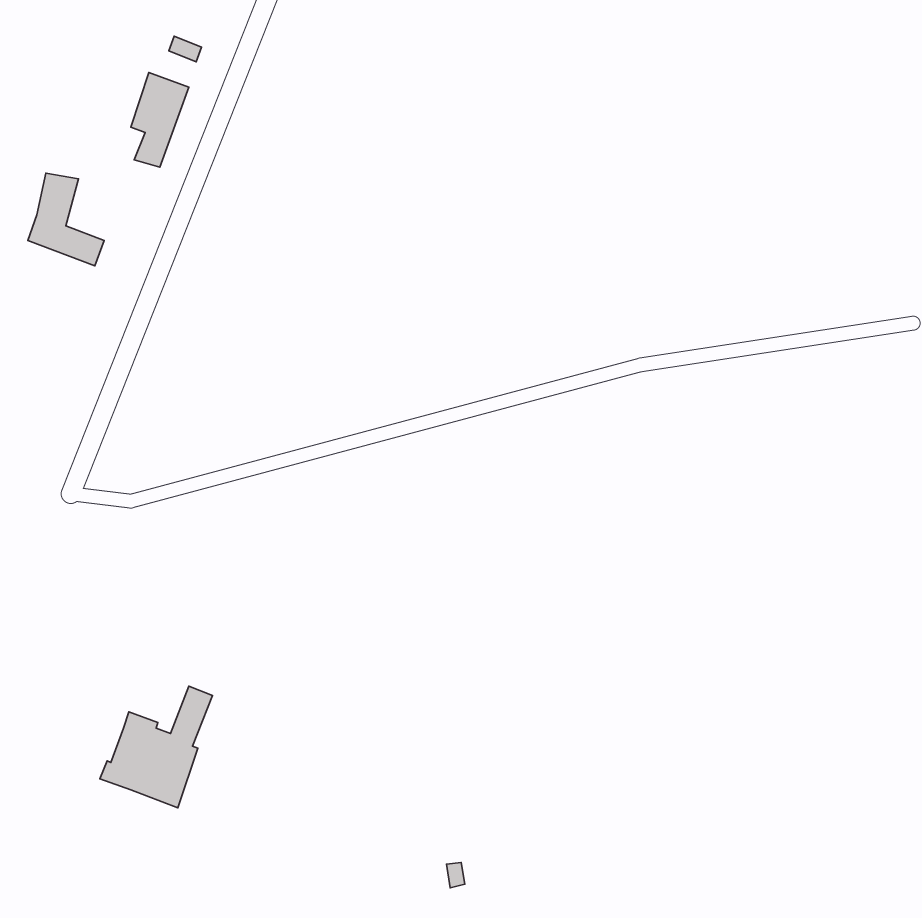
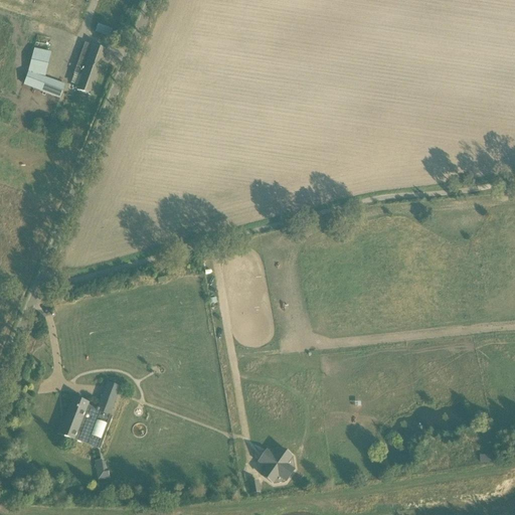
building: [28,173,104,266] -> [22,45,64,97]
building: none -> [261,447,293,481]

